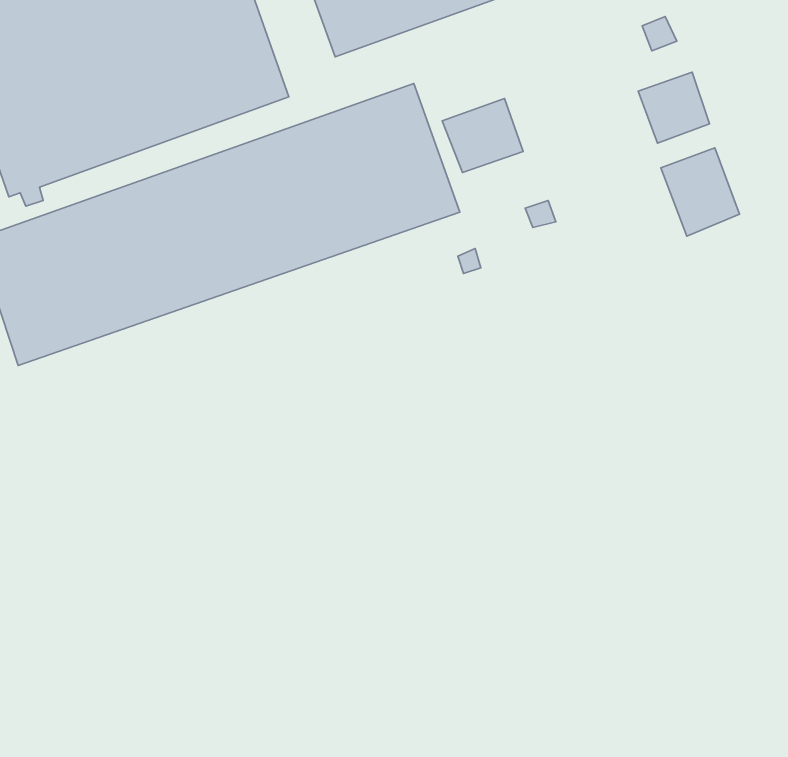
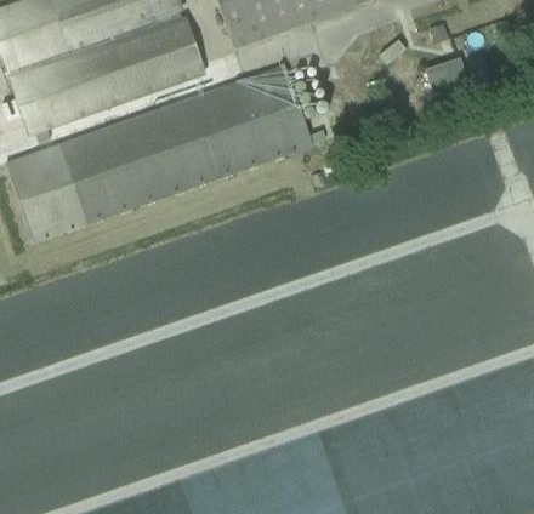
building: [442,98,523,173] -> none
building: [661,148,739,236] -> none

